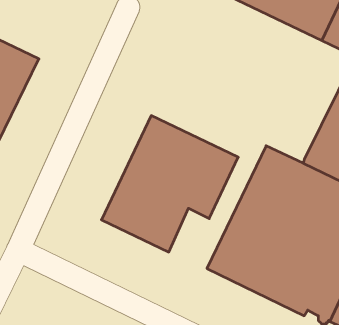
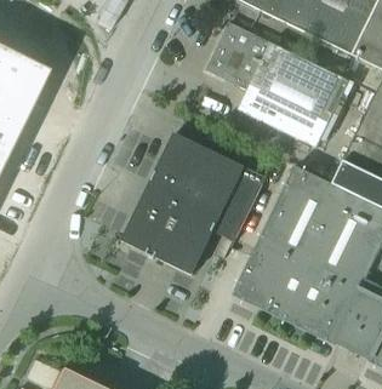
building: none -> [205,22,348,148]

